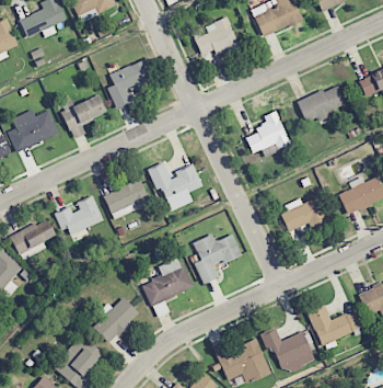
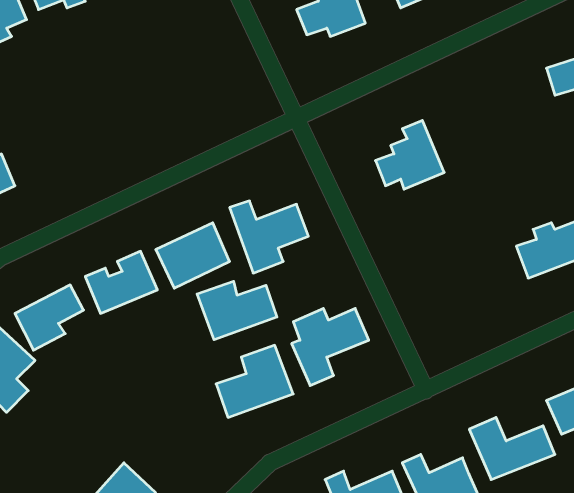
building: [108,60,151,109] -> none
building: [297,83,348,124] -> none
building: [61,93,107,127] -> none
building: [8,110,59,152] -> none
building: [279,198,327,232] -> none
building: none -> [197,281,277,340]
building: [93,297,140,343] -> none

